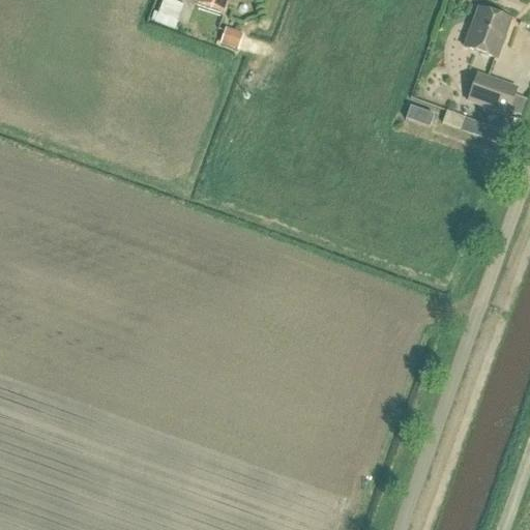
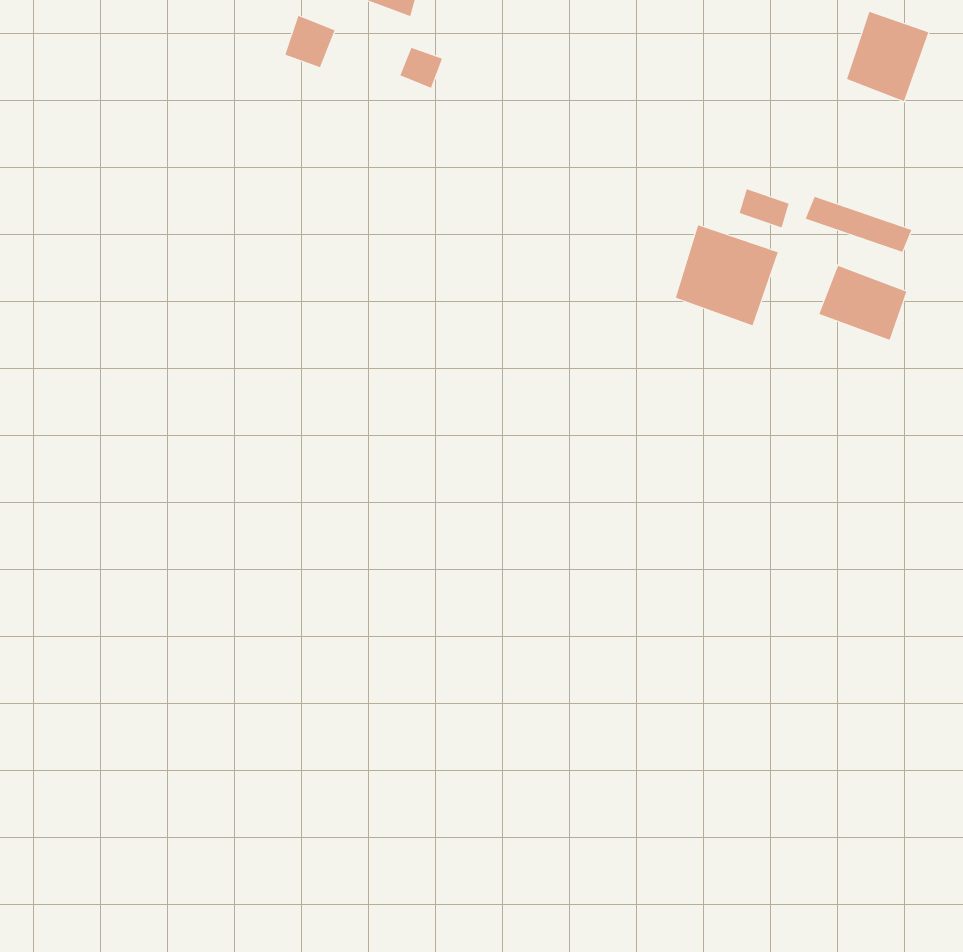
building: [468,70,517,112] -> [819,265,907,341]
building: none -> [675,225,779,326]

